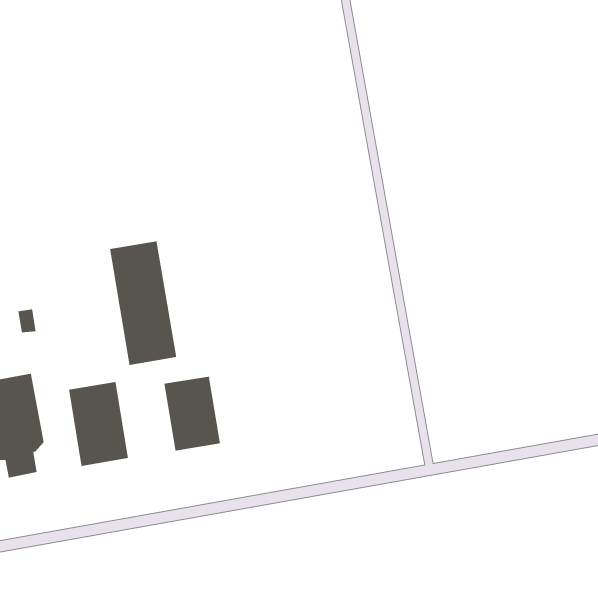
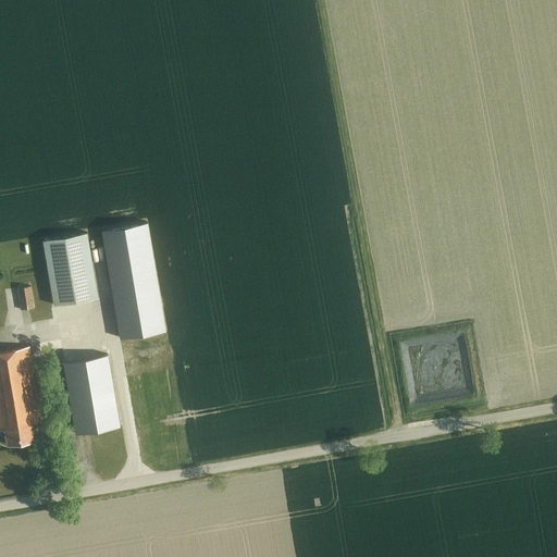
building: none -> [41,234,98,307]
building: [164,376,221,451] -> none

